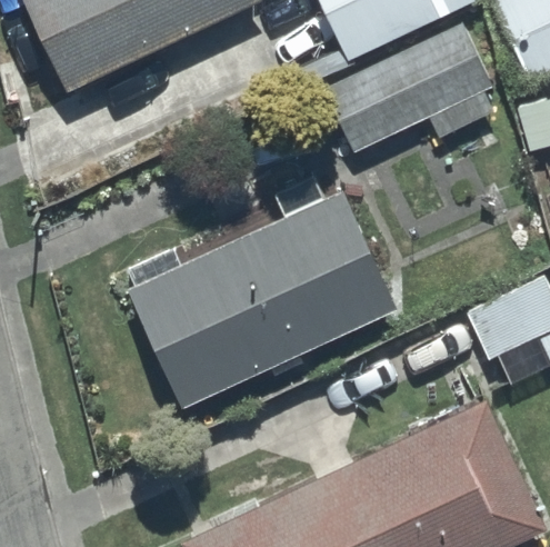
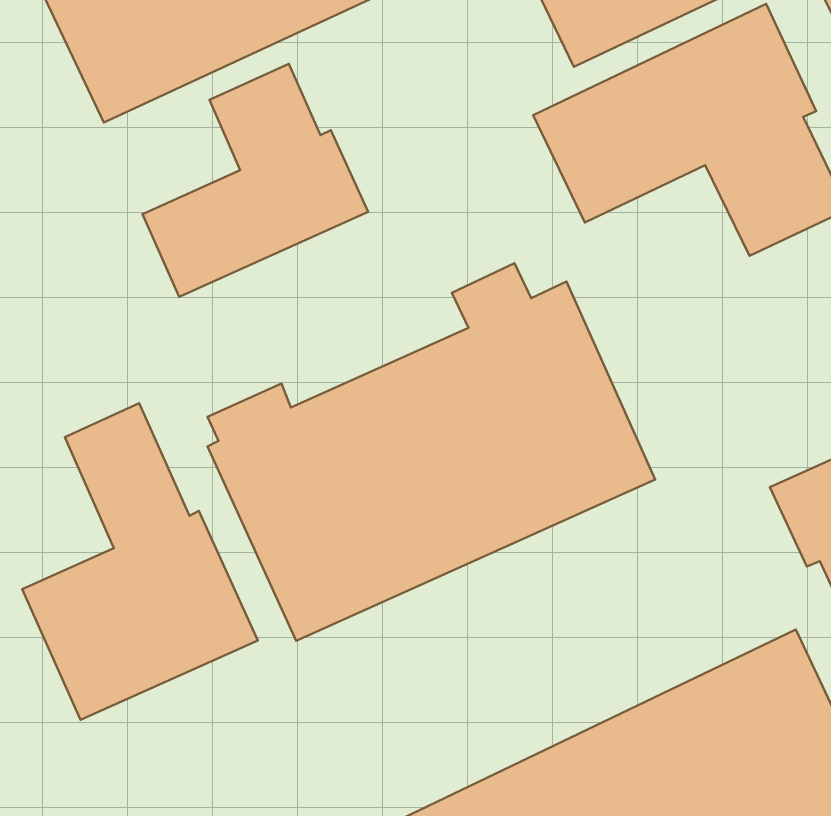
building: none -> [143,64,368,297]
building: none -> [22,403,258,720]

